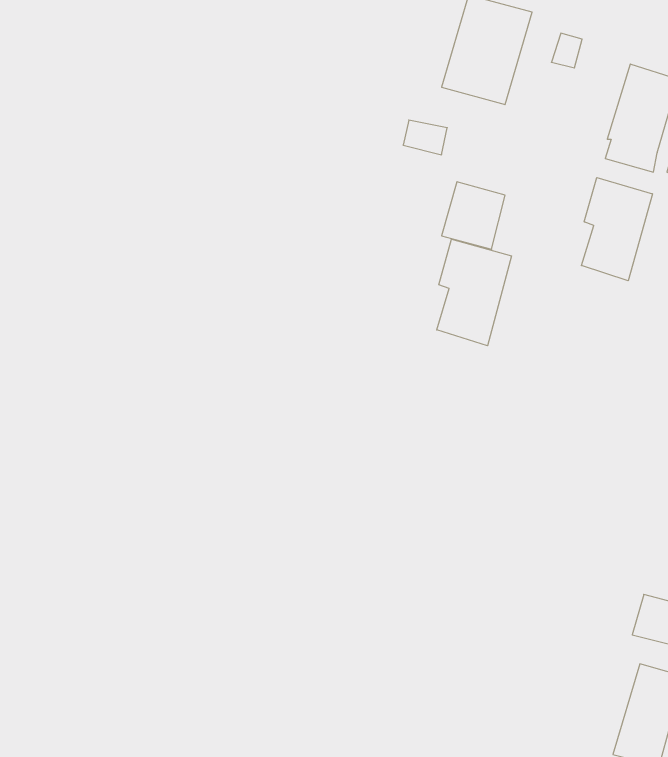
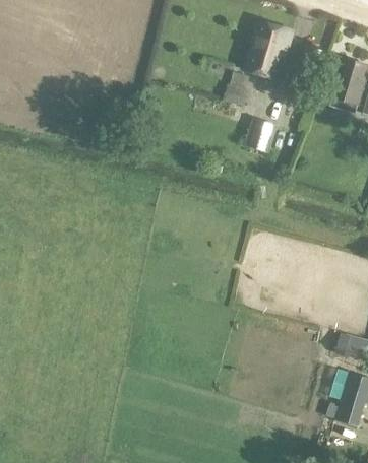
building: [581,178,652,281] -> none
building: [437,239,511,346] -> none

